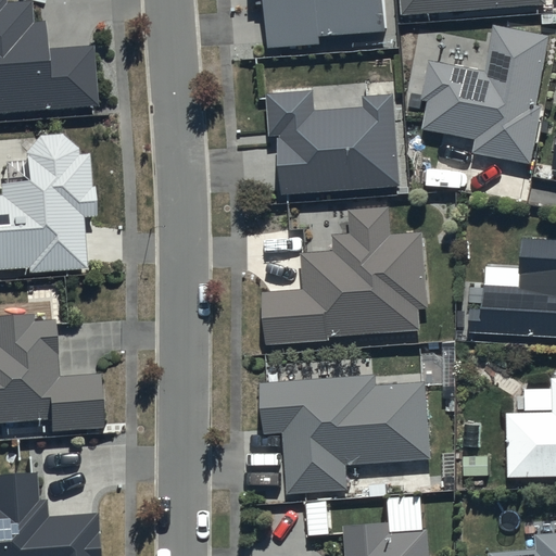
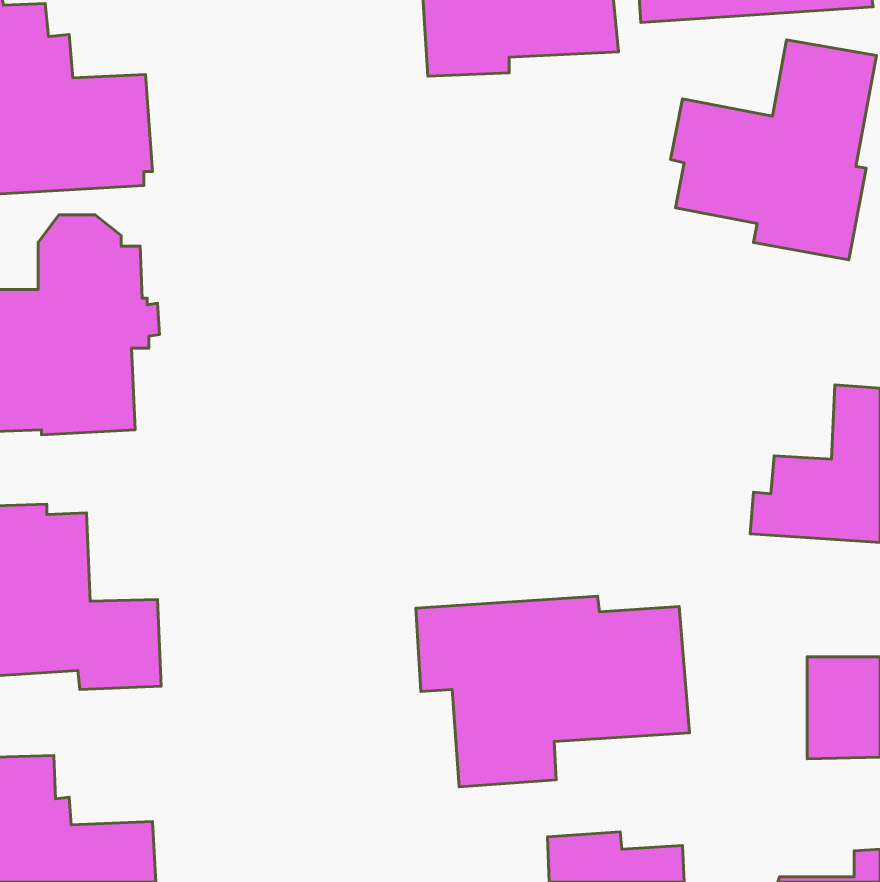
building: [267,90,400,192] -> none
building: [264,206,428,344] -> none

